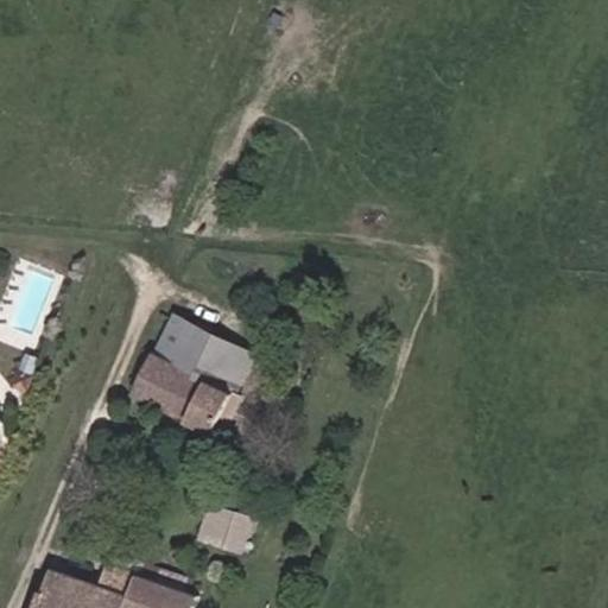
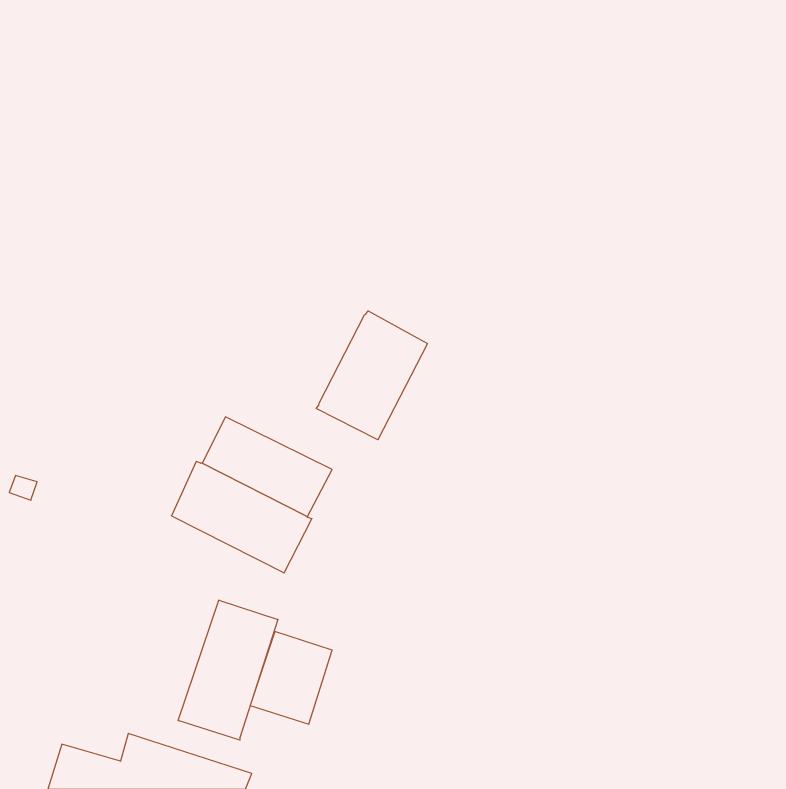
building: none -> [316,311,427,440]
building: none -> [178,600,278,740]

